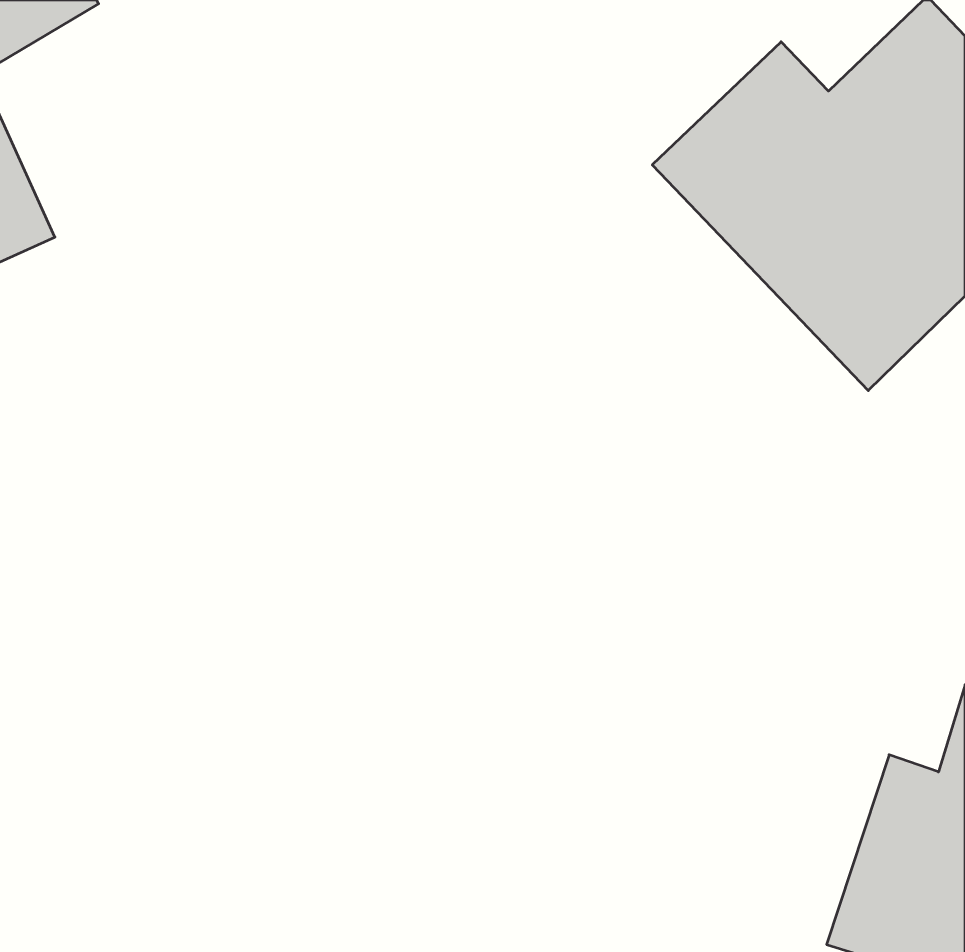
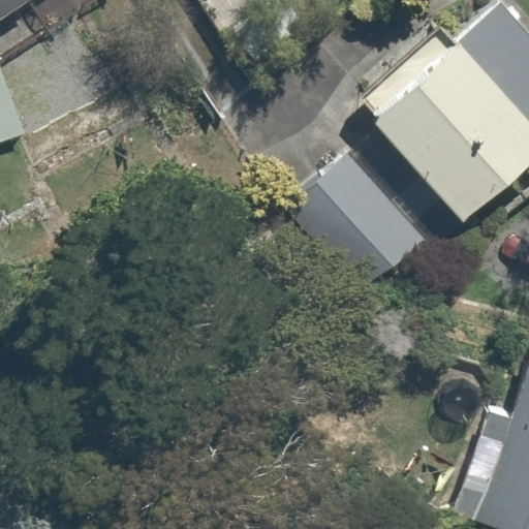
building: none -> [285,150,431,295]

